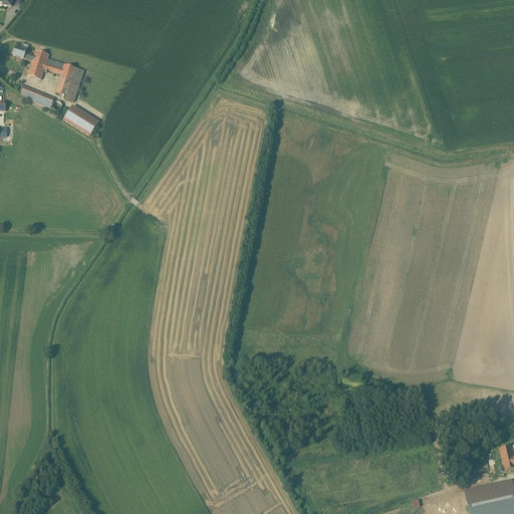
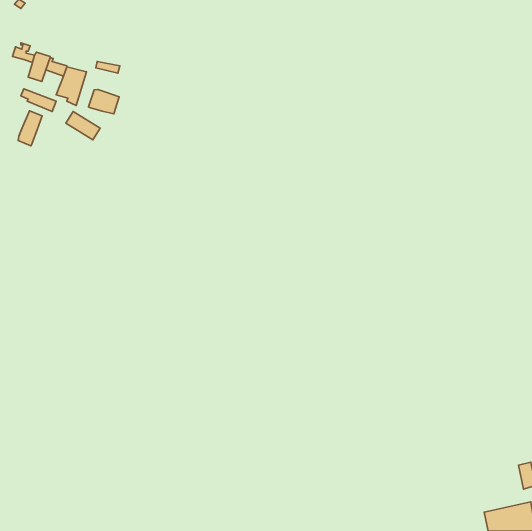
building: none -> [89,89,119,114]
building: none -> [18,111,42,146]

